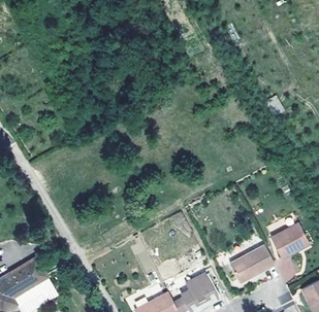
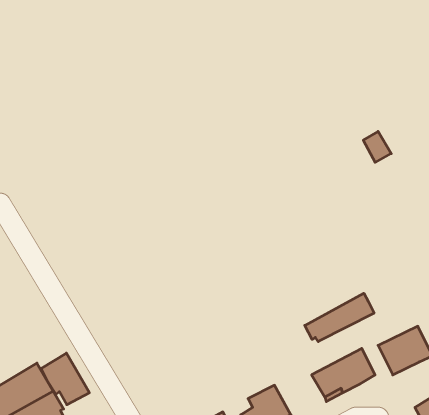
building: none -> [305,293,374,342]
building: none -> [41,353,89,405]

